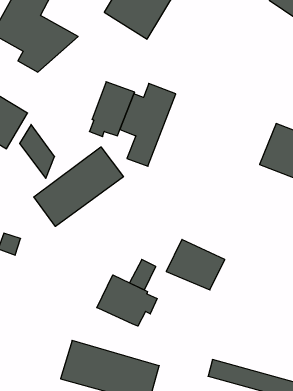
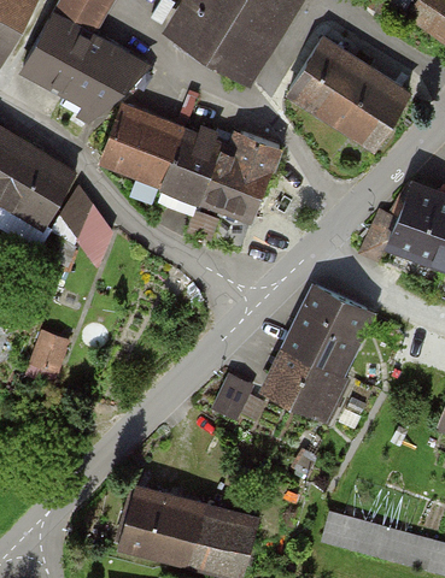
building: none -> [289,40,408,146]
building: none -> [103,108,182,182]
building: [34,147,123,226] -> none
building: none -> [287,285,375,376]
building: [97,275,157,326] -> none

